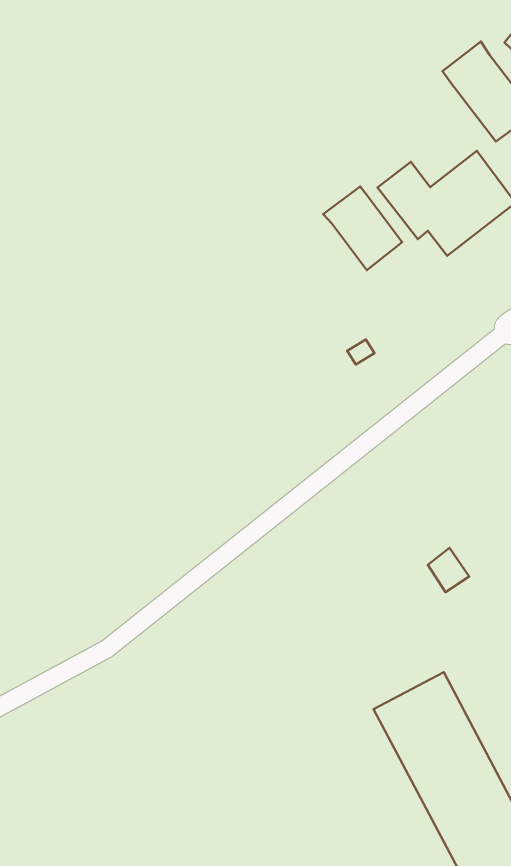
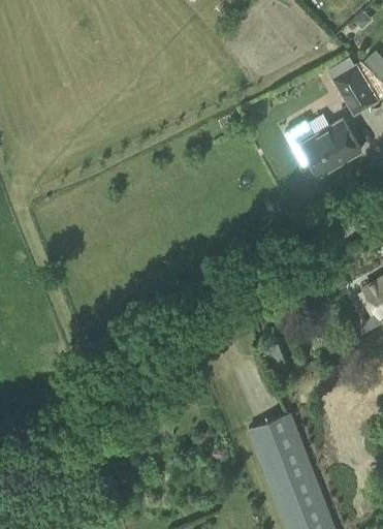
building: [323,186,402,270] -> none

